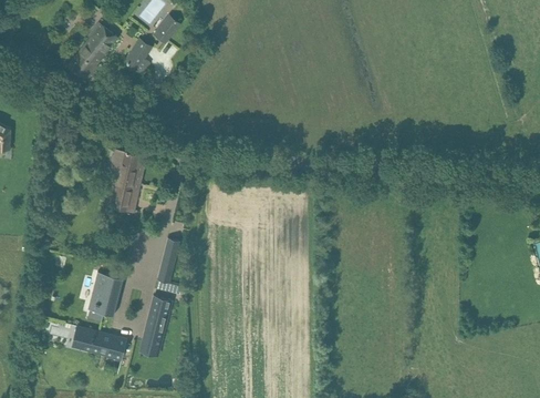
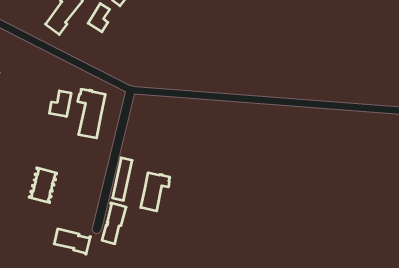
building: none -> [49,91,71,117]
building: none -> [141,173,170,211]
building: [86,273,122,317] -> [29,168,57,203]

